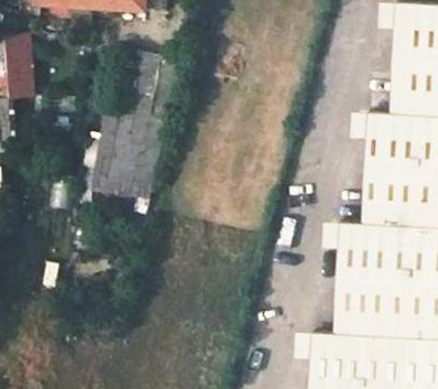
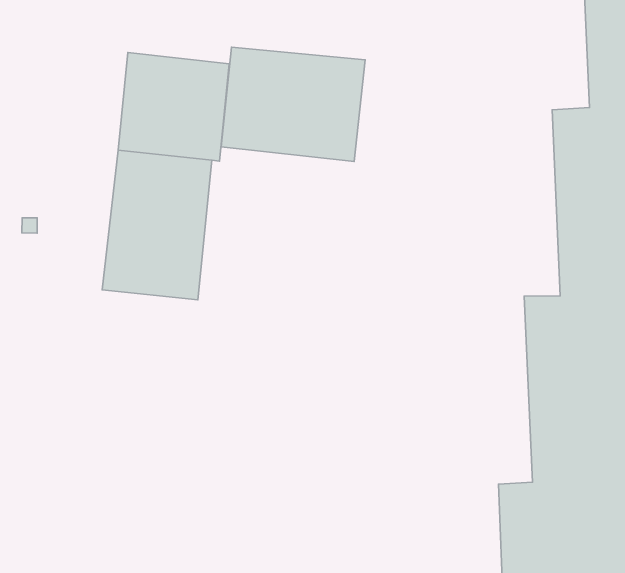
building: none -> [221,47,365,161]

